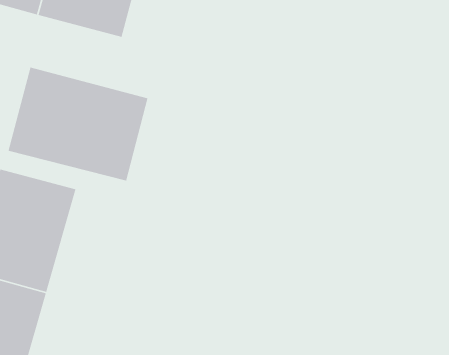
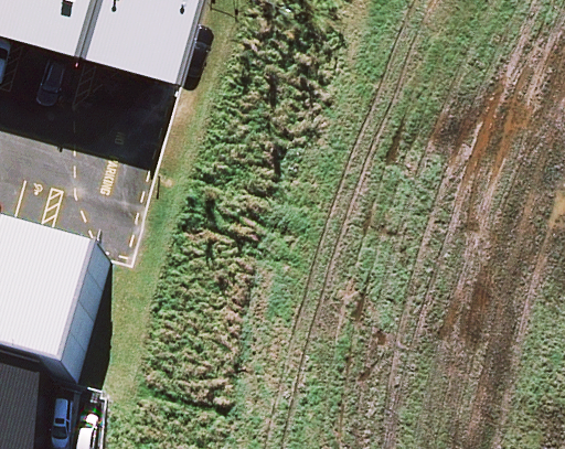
building: [8,67,149,182] -> none

